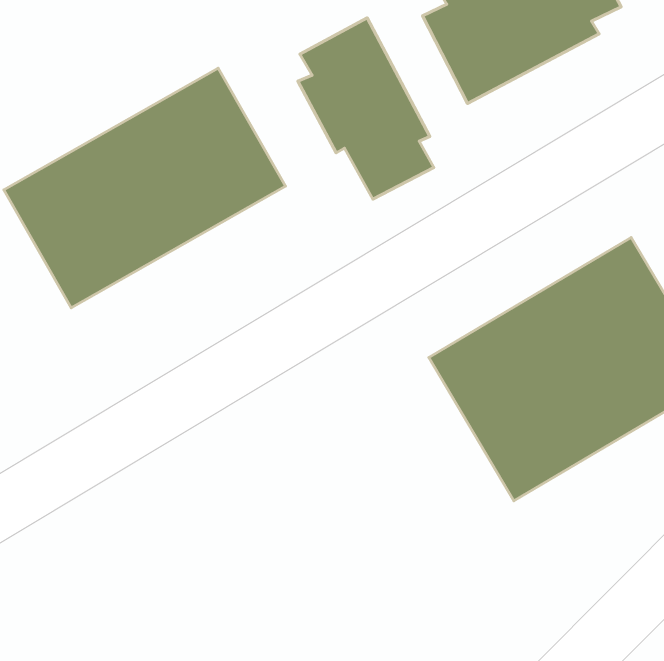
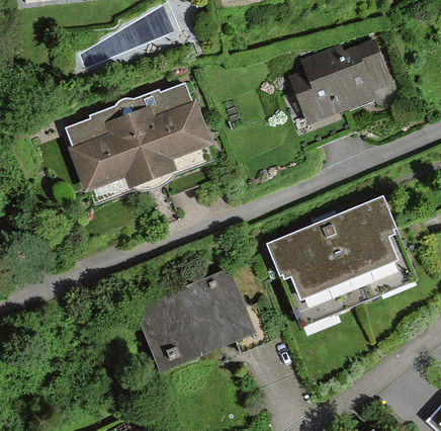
building: [298,18,434,199] -> none
building: none -> [137,275,248,367]

